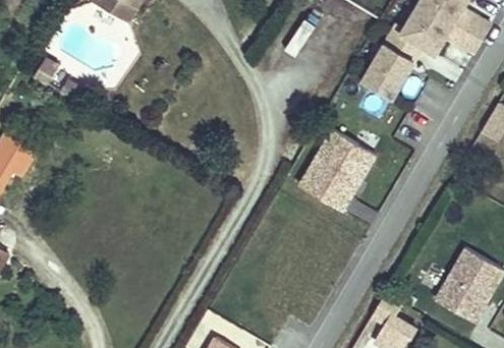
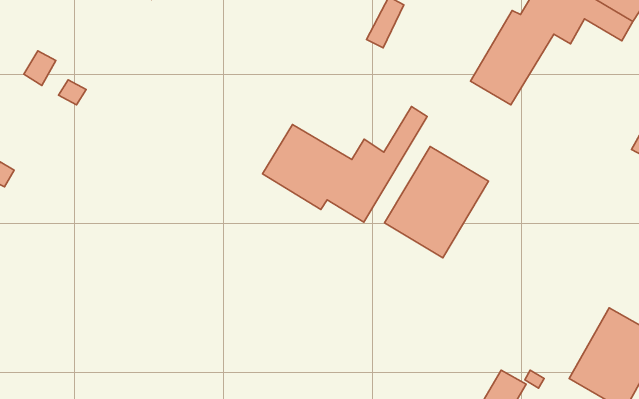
building: none -> [263,106,427,222]

